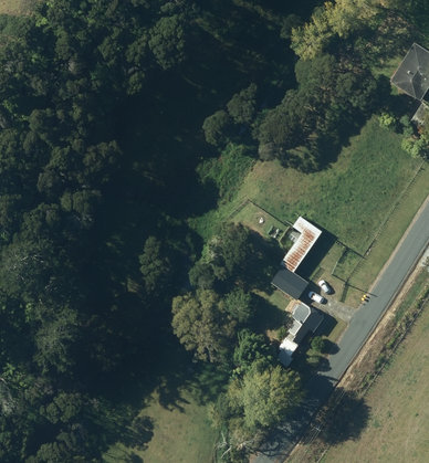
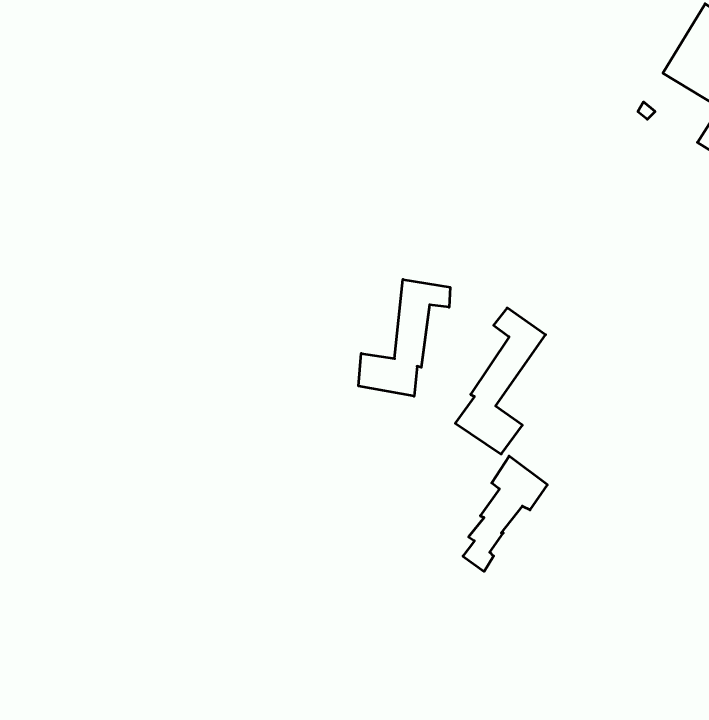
building: none -> [359,279,450,396]

